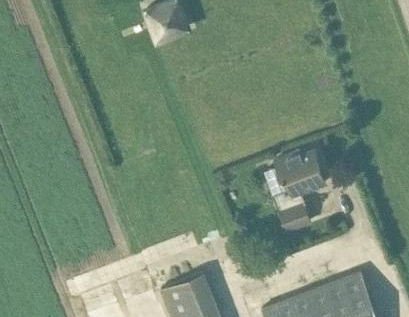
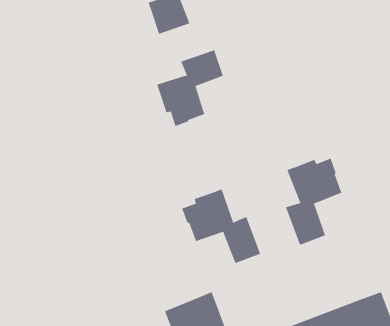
building: none -> [157,49,224,127]
building: none -> [181,189,261,264]

